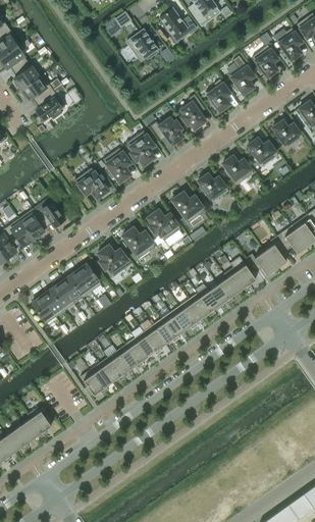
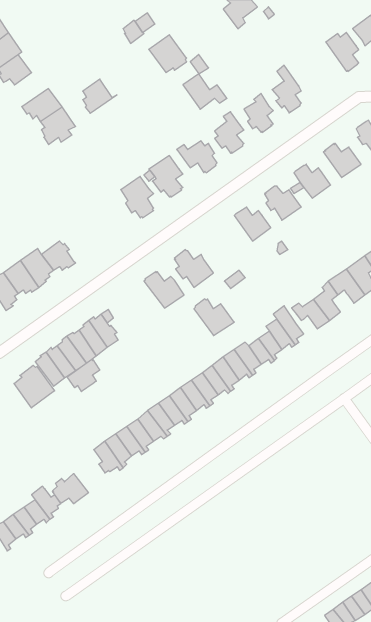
building: [160,8,197,38] -> [183,74,227,109]
building: [253,45,279,80] -> none
building: [14,61,43,90] -> [83,79,117,113]
building: [75,167,108,199] -> none
building: [172,192,206,222] -> [194,299,234,336]
building: [98,245,130,276] -> none
building: none -> [67,359,100,392]
building: none -> [14,365,55,408]
building: none -> [52,474,88,504]

